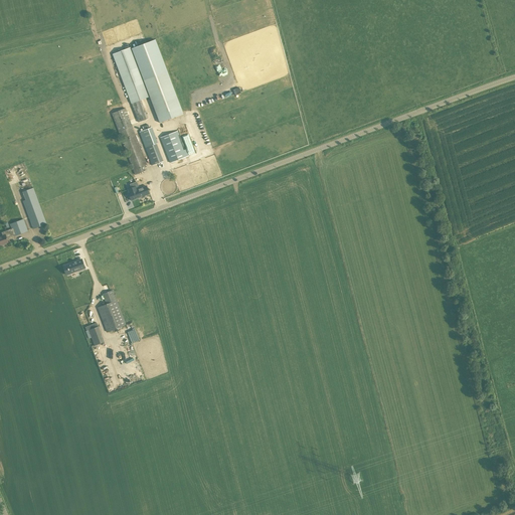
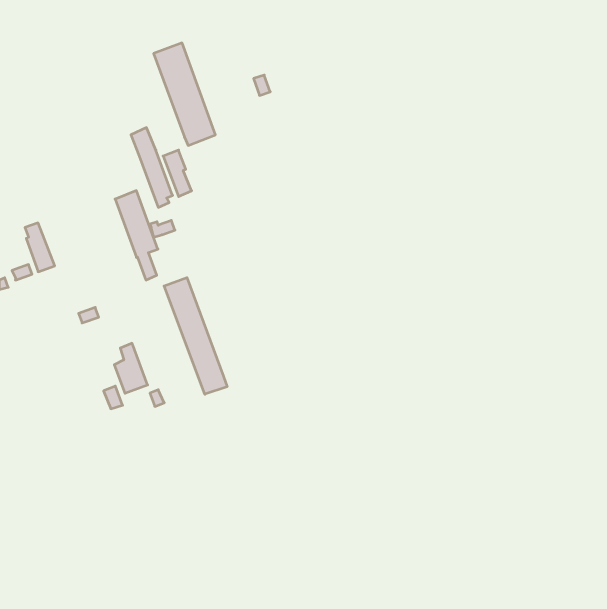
building: [112,47,148,123] -> [115,191,158,280]
building: [159,132,185,163] -> none
building: none -> [164,278,227,394]

